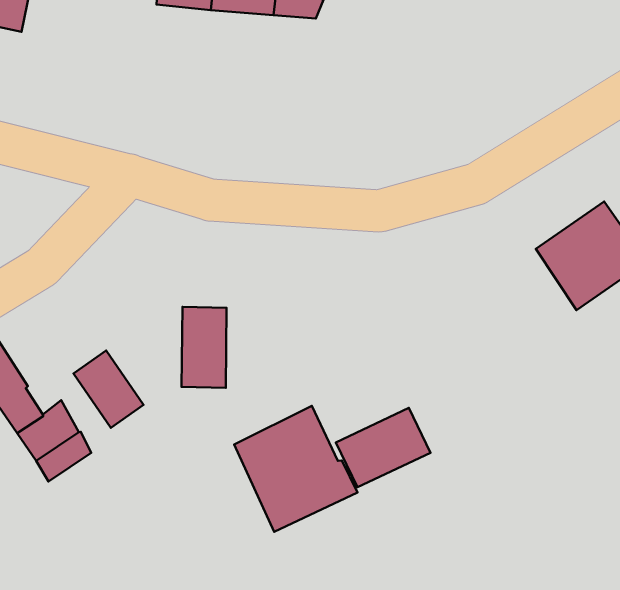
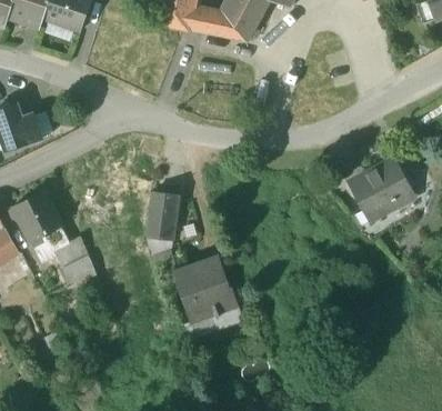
building: [74,351,144,428] -> none
building: [336,408,431,487] -> none

